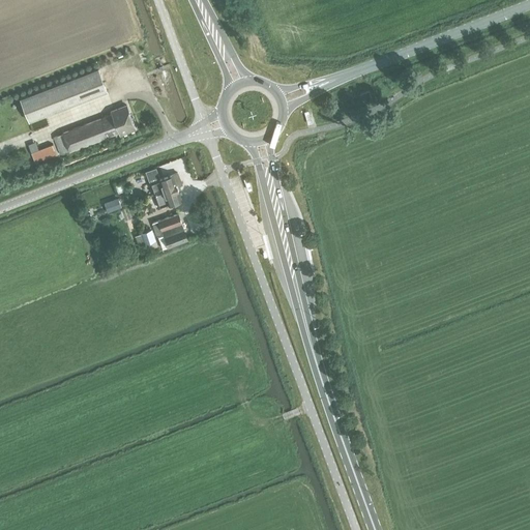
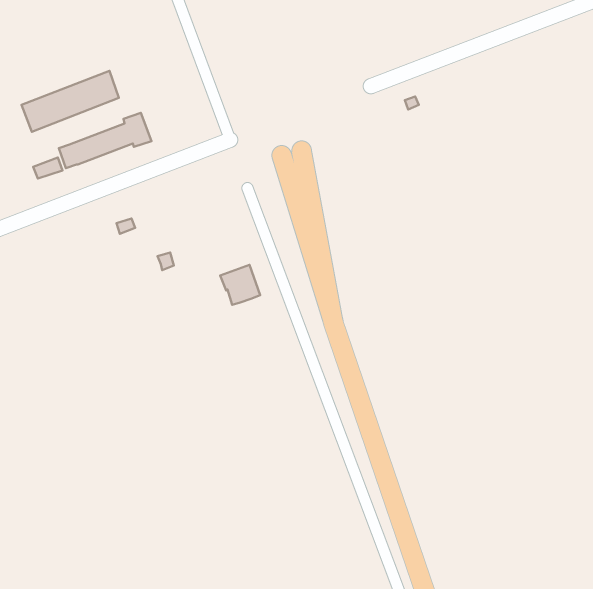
building: [149,173,181,207] -> none
building: [151,213,186,248] -> [220,265,260,305]

